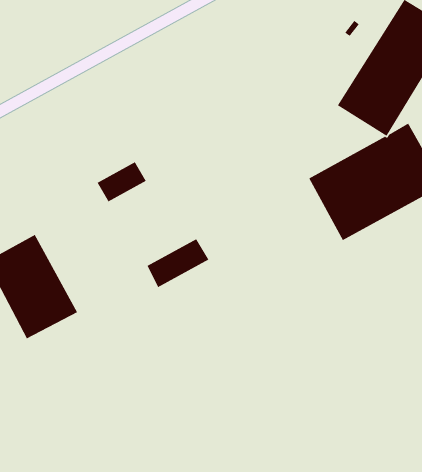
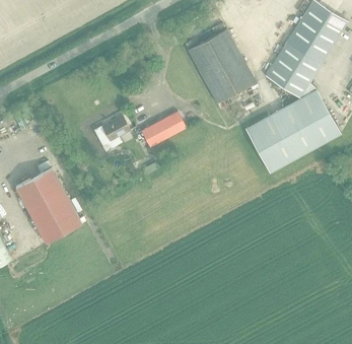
building: none -> [187,29,255,110]
building: [147,238,209,288] -> [141,112,186,147]

